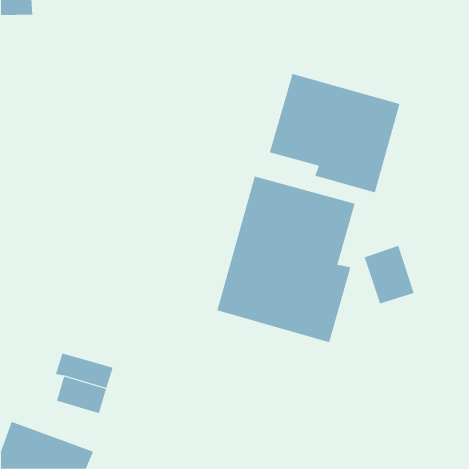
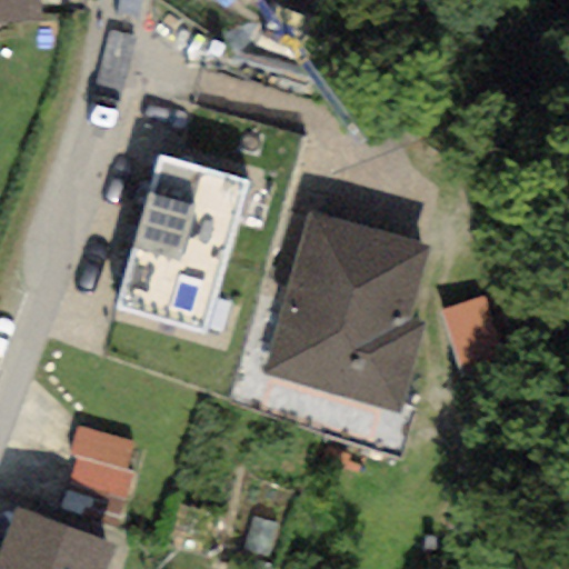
building: [269,73,400,193] -> none
building: none -> [114,152,247,333]

